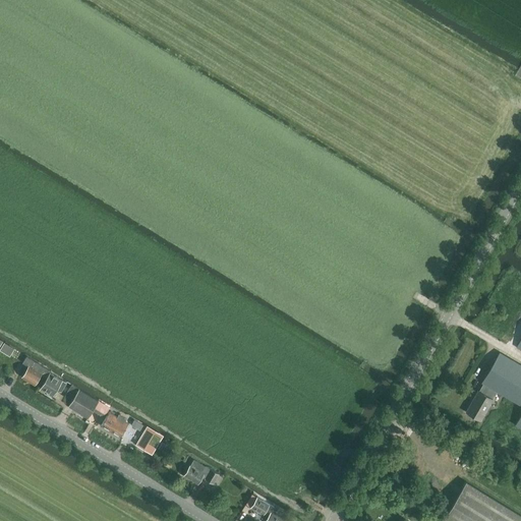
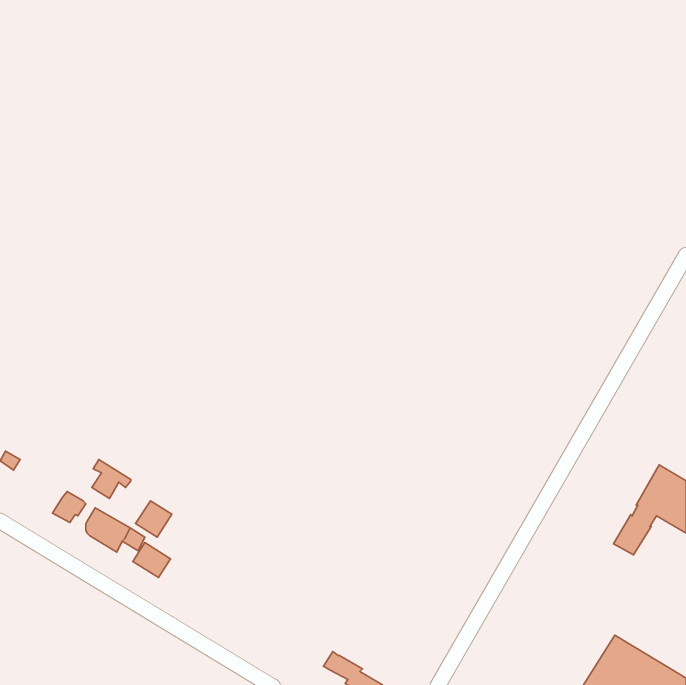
building: [21,357,51,387] -> [92,459,131,498]
building: [135,428,163,456] -> [136,501,172,537]
building: [183,460,220,485] -> none

